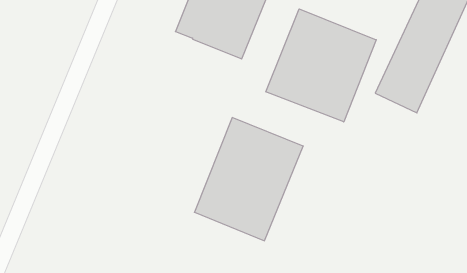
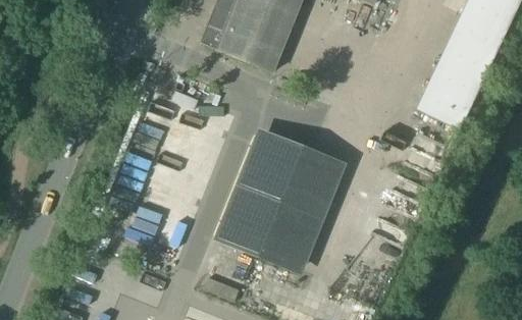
building: [266,9,376,122] -> none

